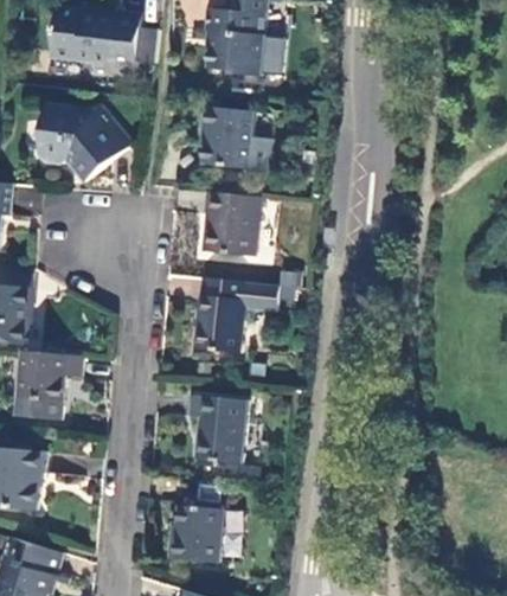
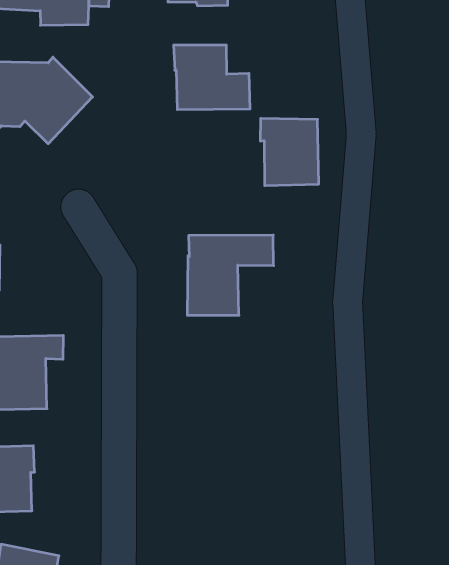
building: [206,191,259,255] -> [260,118,319,186]
building: [190,396,246,463] -> none
building: [169,480,226,562] -> none

